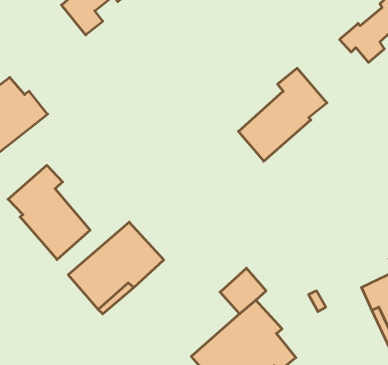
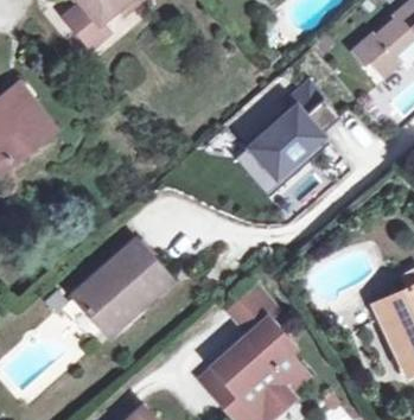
building: none -> [235,133,329,193]
building: [8,165,90,260] -> none

